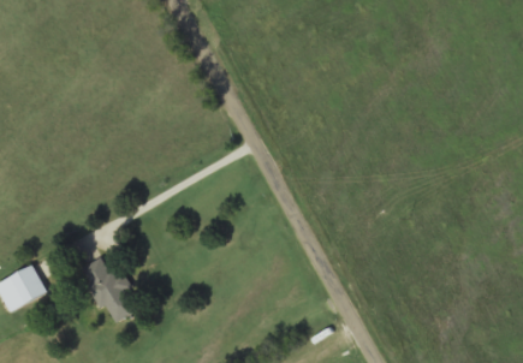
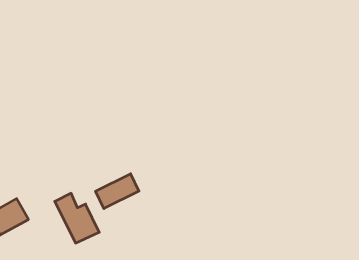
building: none -> [96,174,139,209]

